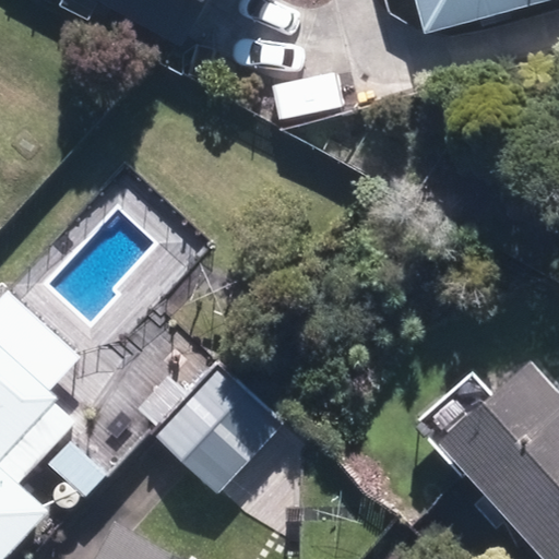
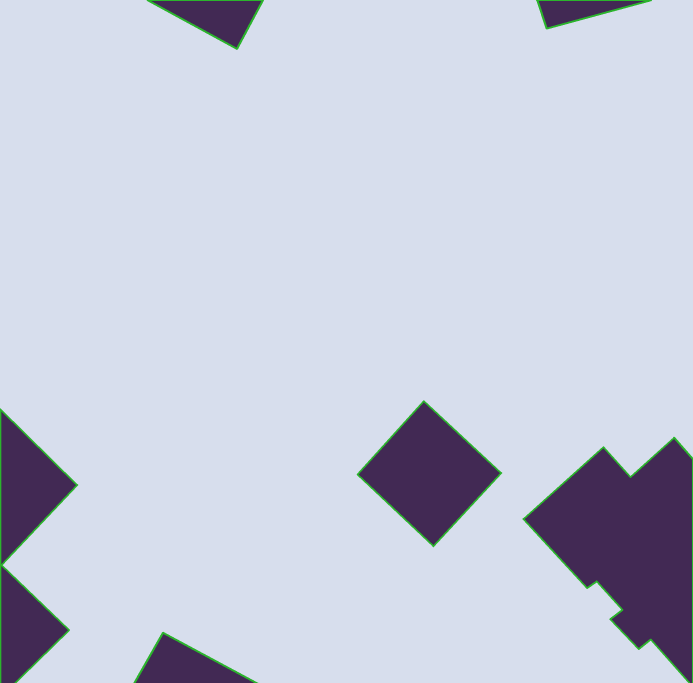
building: [173,376,288,492] -> [358,401,501,546]

